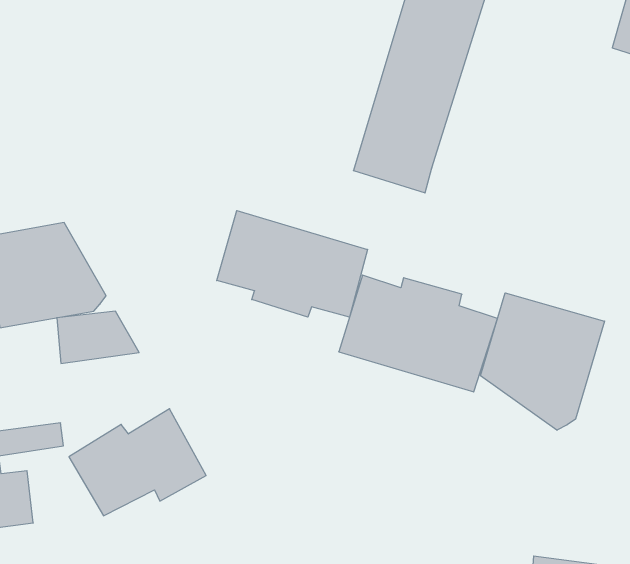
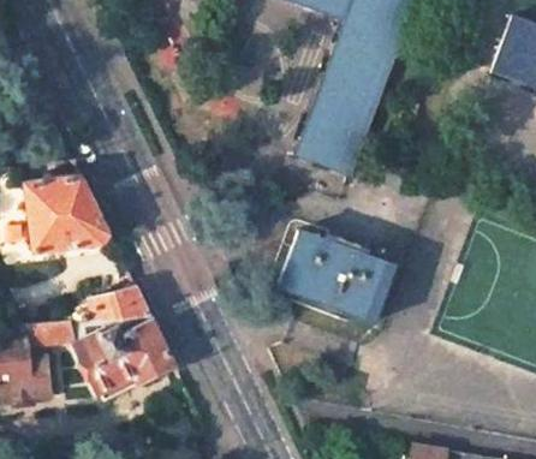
building: [217,211,368,317] -> none
building: [480,293,605,430] -> none
building: [57,311,139,363] -> [94,288,153,324]

